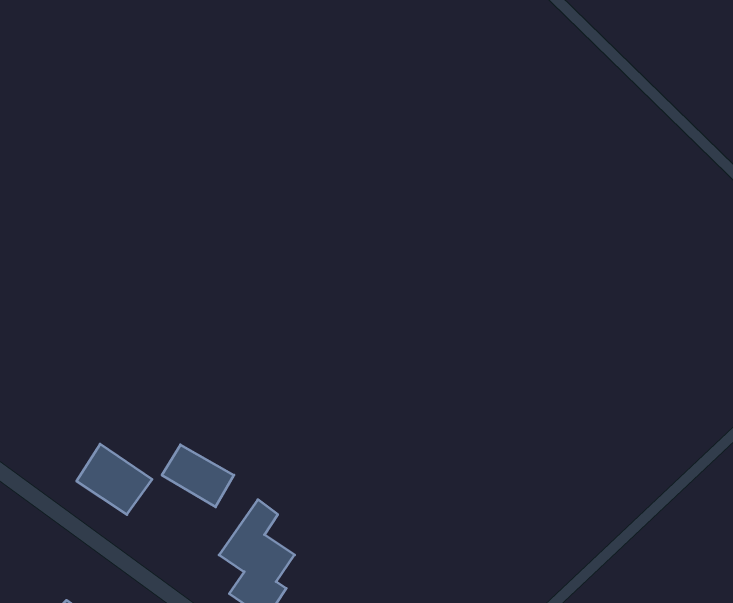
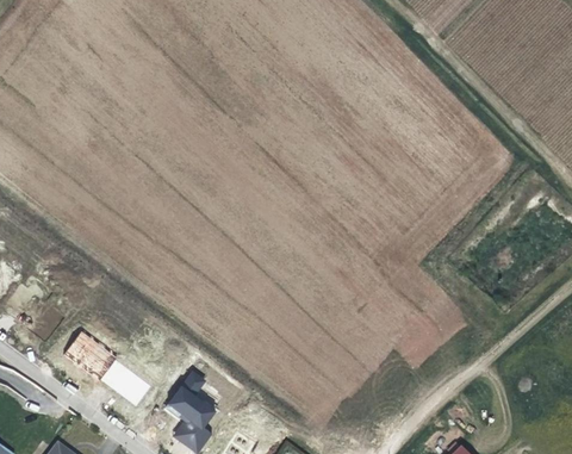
building: [162,445,234,507] -> [100,361,151,405]

